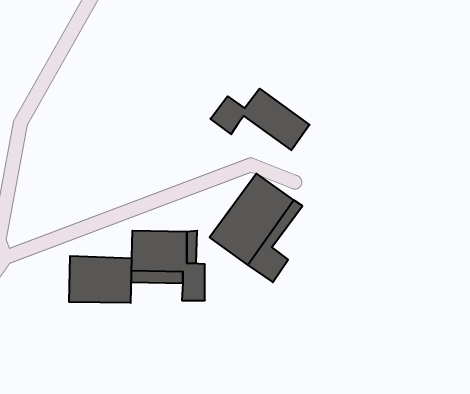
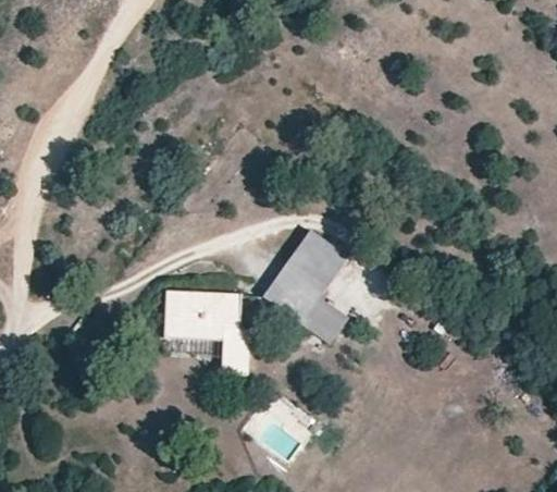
building: [210,89,310,150] -> none
building: [69,256,132,303] -> none

